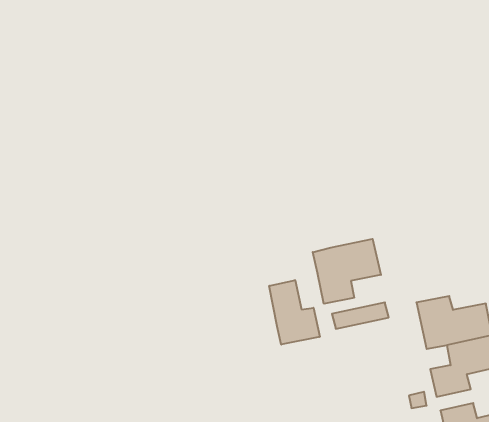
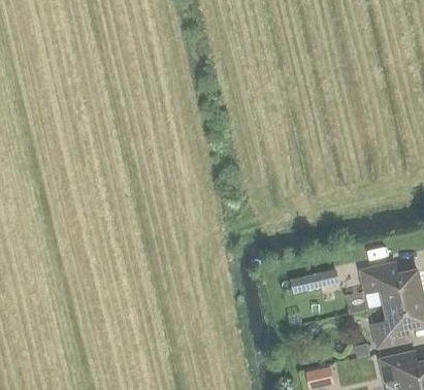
building: [313,239,381,304] -> none
building: [269,280,320,345] -> none

